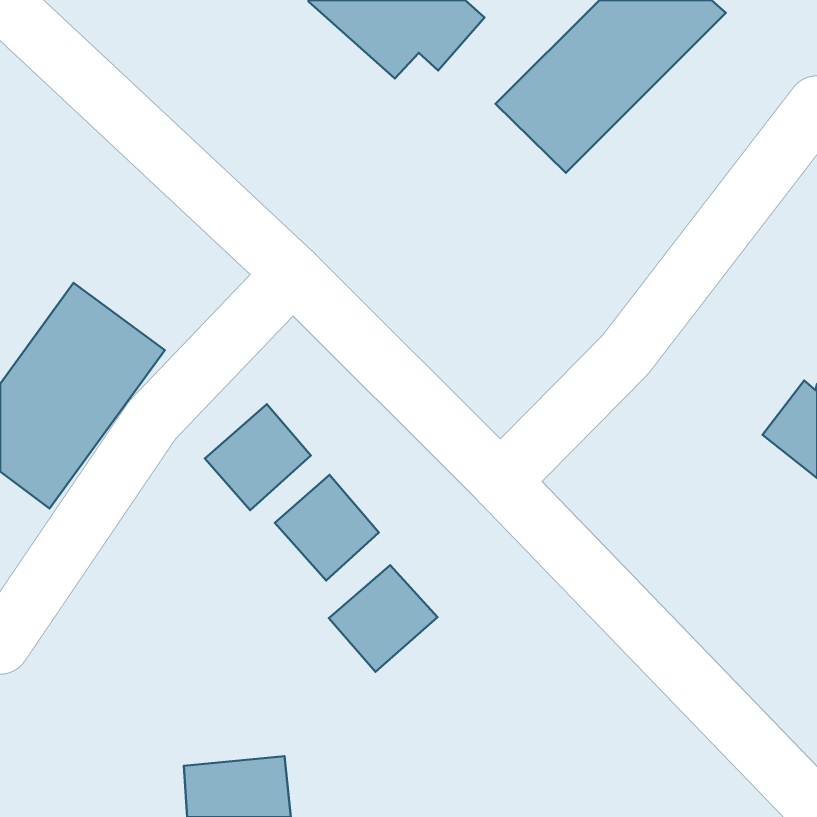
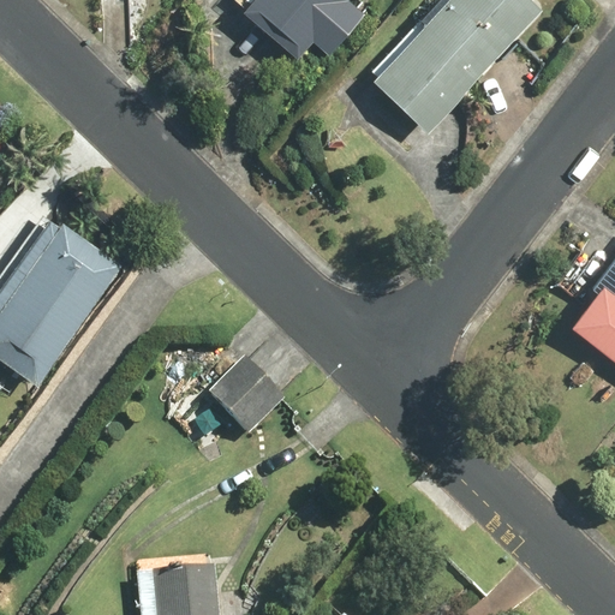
building: [205,404,311,510] -> none
building: [329,565,437,672] -> none

